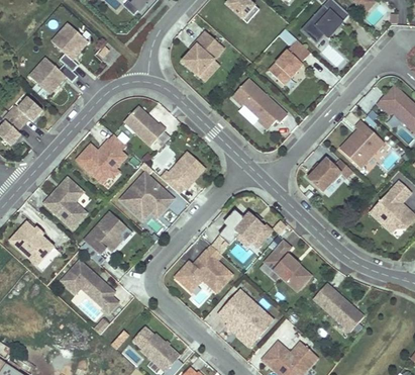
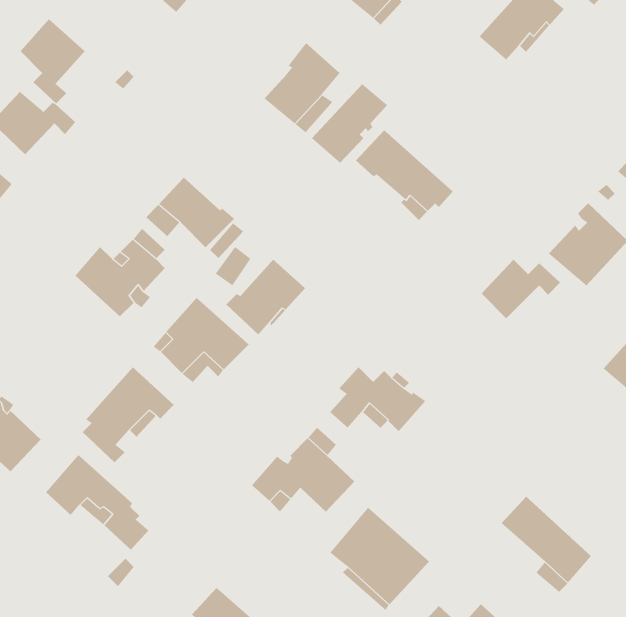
building: [268,39,310,84] -> [311,83,388,164]
building: [44,178,84,230] -> none
building: [258,240,310,291] -> none

